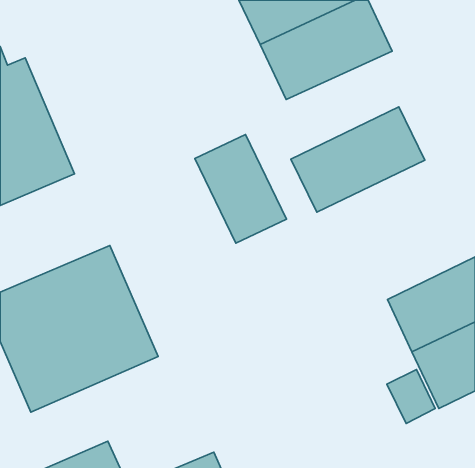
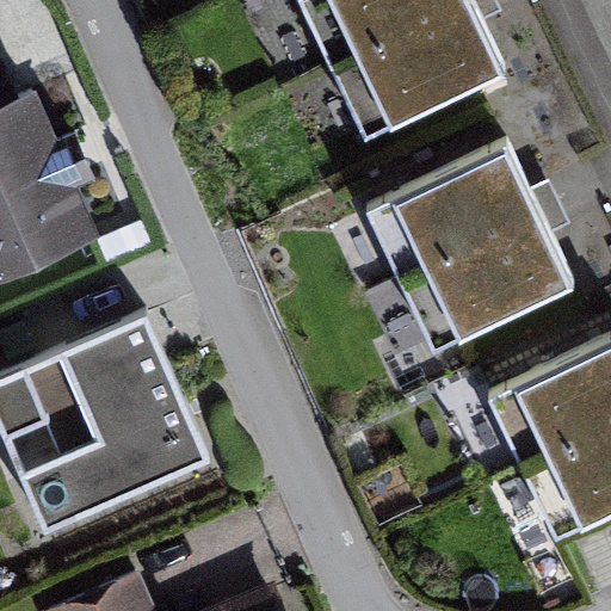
building: [195,134,286,243] -> none
building: none -> [407,215,578,348]

